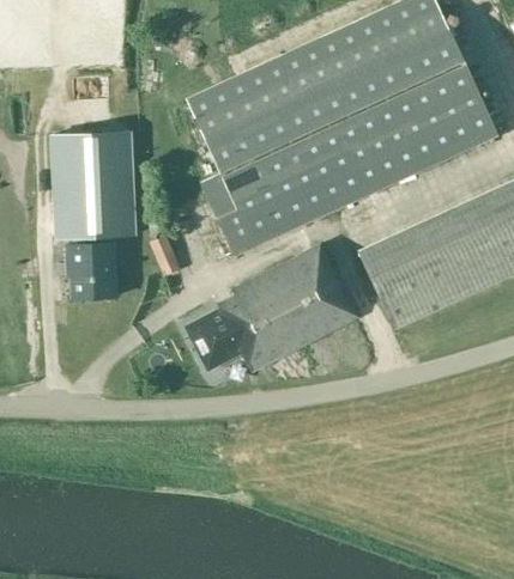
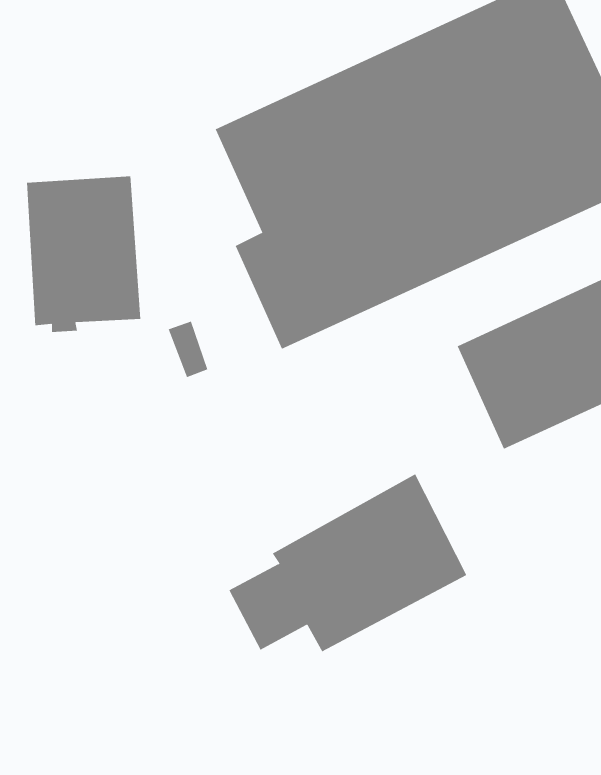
building: [67,242,117,298] -> none
building: [186,242,357,370] -> [228,473,467,652]

